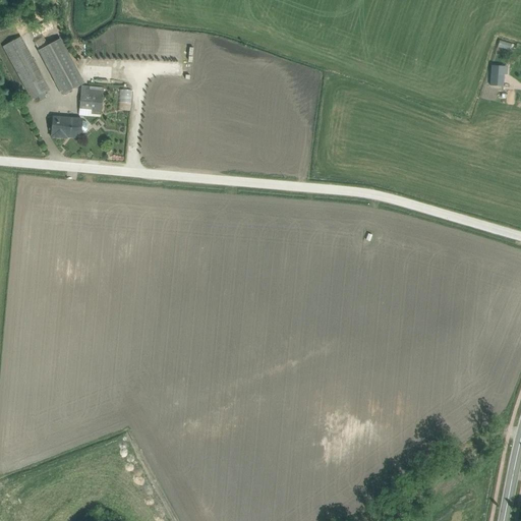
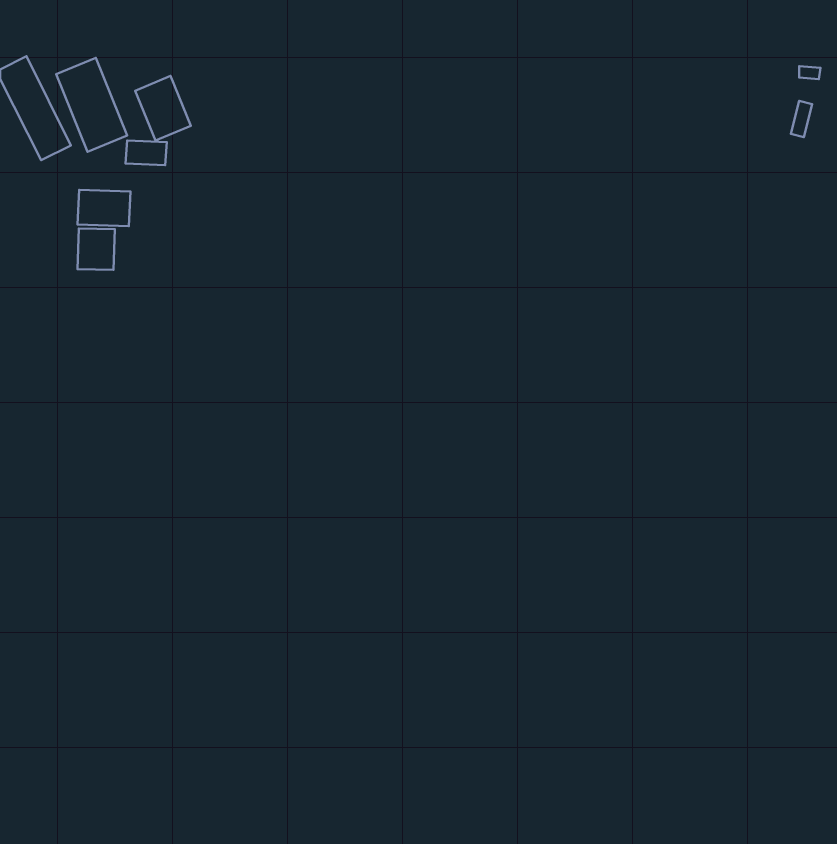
building: none -> [135,76,191,141]
building: none -> [77,228,115,270]

